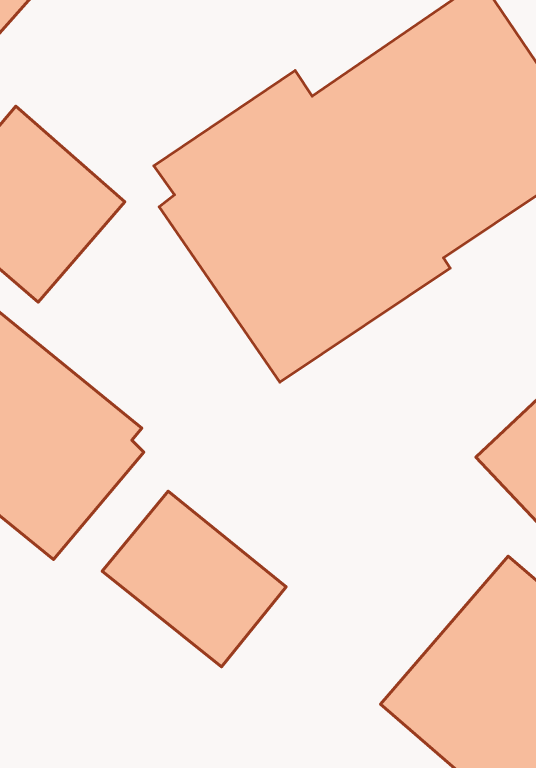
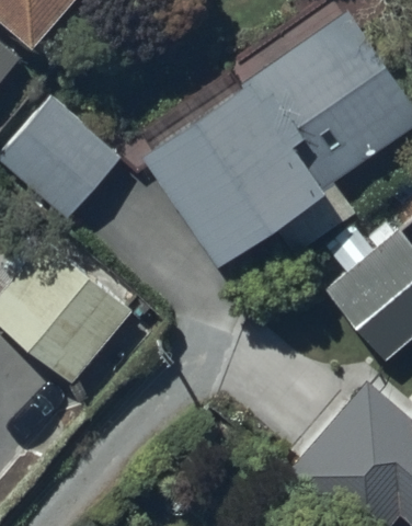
building: [102,491,286,667] -> none

